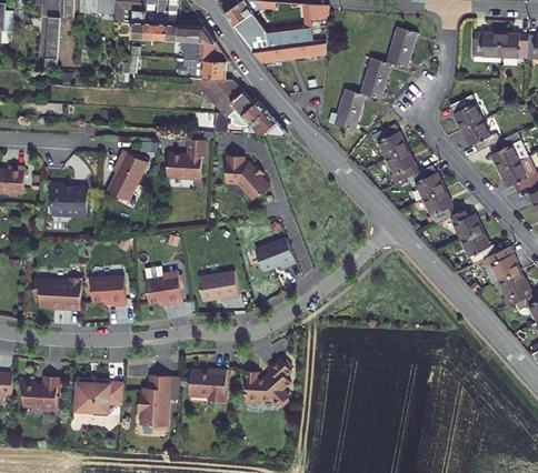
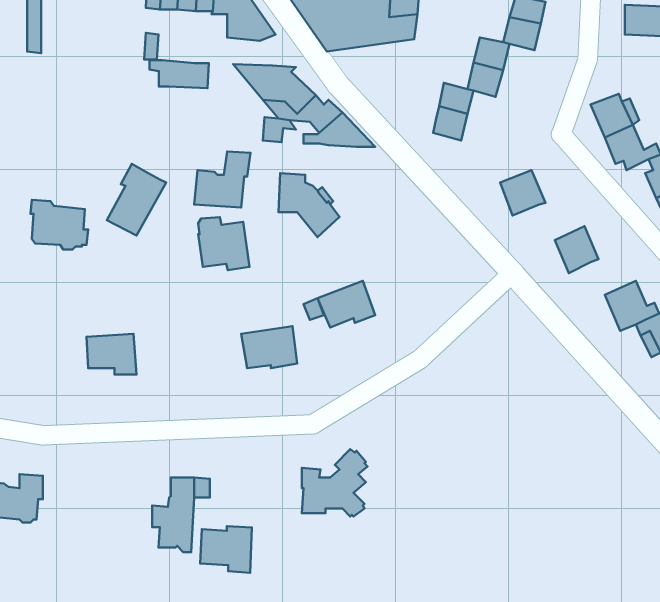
building: [181,60,223,80] -> [150,60,209,88]
building: [375,132,407,163] -> none
building: [412,170,445,204] -> none
building: [449,213,481,243] -> none
building: [147,262,183,300] -> [198,217,250,270]
building: [33,271,81,304] -> none
building: [188,363,225,396] -> [200,526,252,573]
building: [76,378,122,412] -> none

